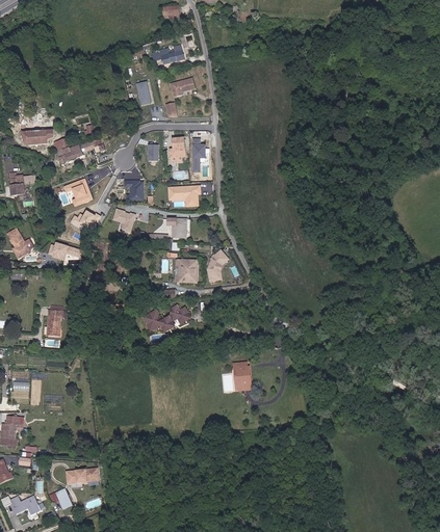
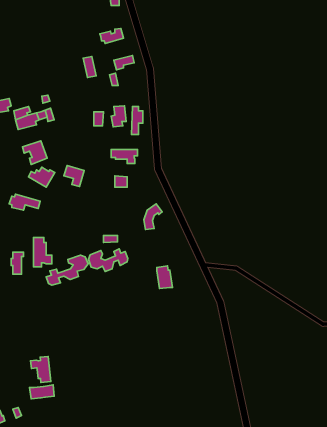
building: [124,179,143,202] -> none
building: [178,260,197,285] -> none
building: none -> [34,237,52,267]
building: none -> [46,255,88,285]
building: [234,358,253,385] -> [157,266,173,289]
building: none -> [31,356,51,383]

